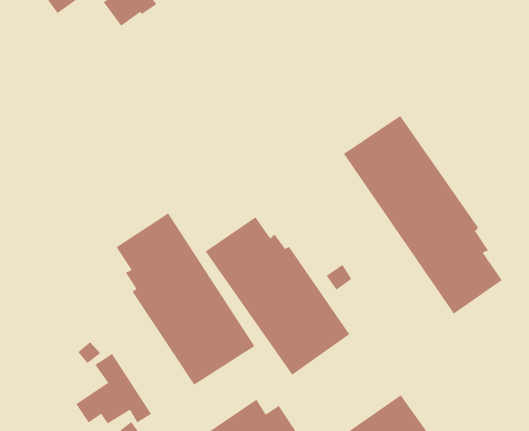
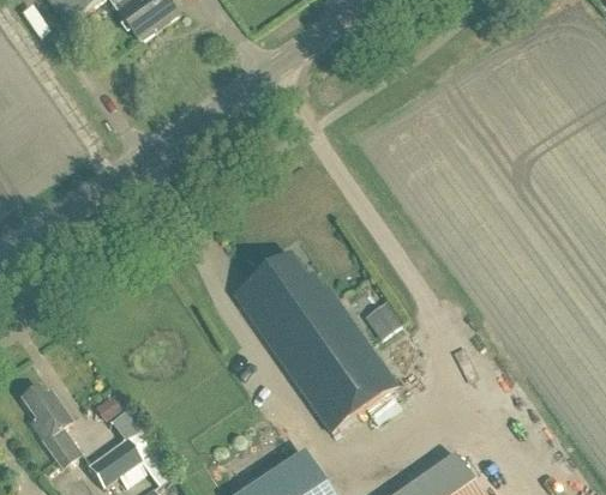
building: [343,115,502,315] -> none
building: [116,212,255,385] -> none
building: none -> [18,382,78,464]

